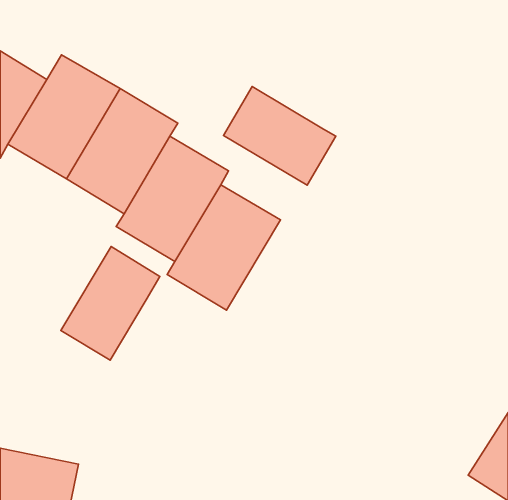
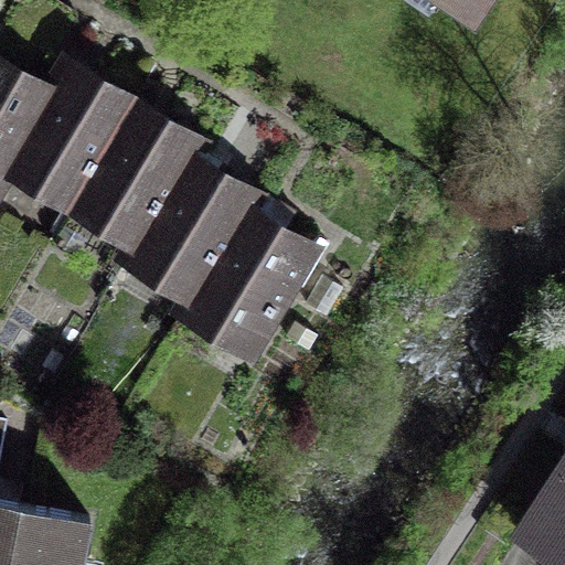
building: [224,87,336,185] -> none
building: [61,247,160,360] -> none

